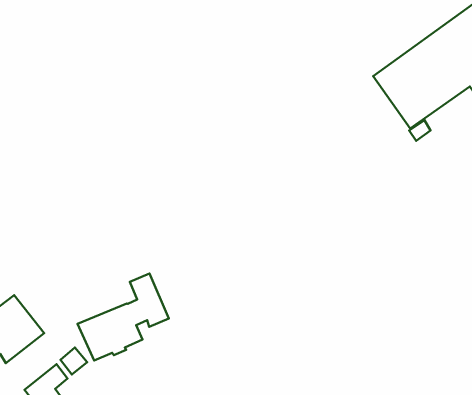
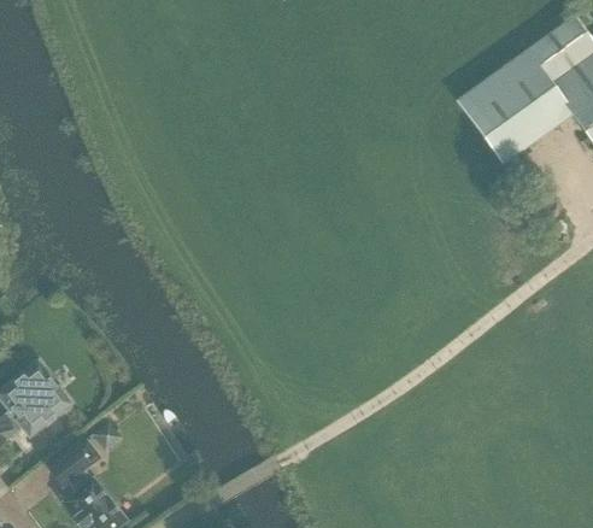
building: [77,274,169,361] -> none

